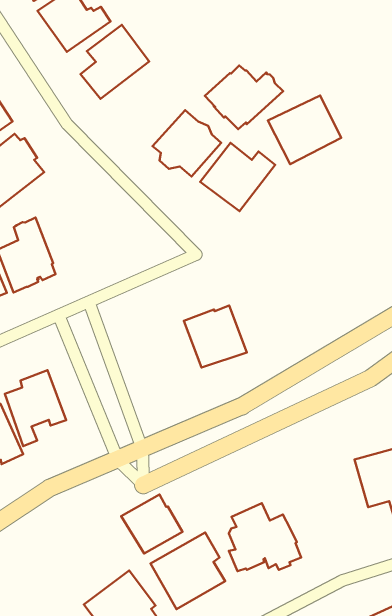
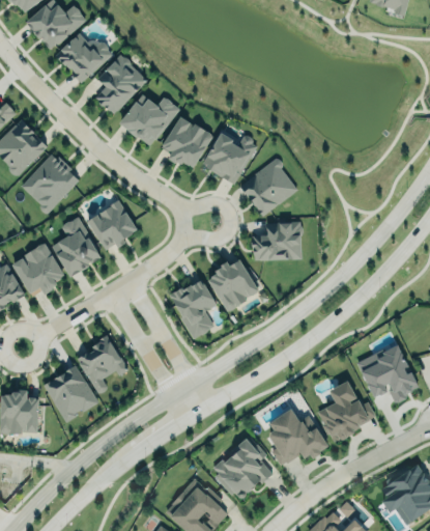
building: [205,65,283,129] -> [119,94,179,144]
building: [268,96,341,164] -> [238,160,297,217]
building: none -> [85,198,136,247]
building: none -> [252,220,302,261]
building: none -> [170,280,217,338]
building: none -> [316,376,369,441]
building: [121,494,182,554] -> none

